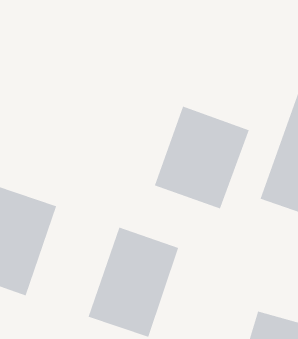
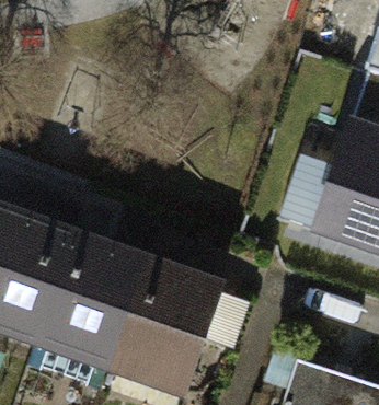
building: [154,106,250,209] -> none
building: none -> [38,243,146,372]

